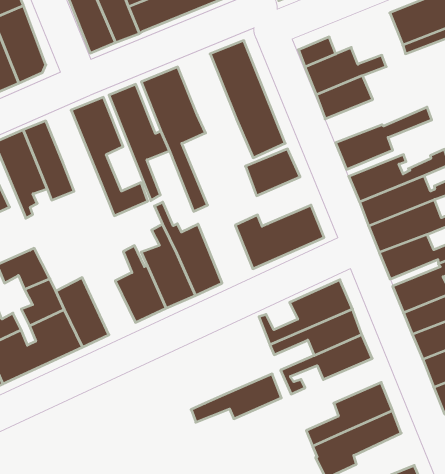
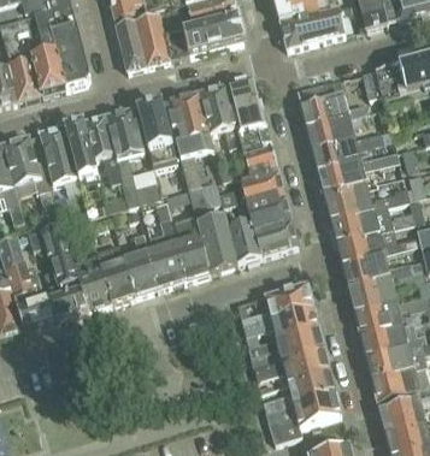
building: none -> [198,83,240,141]
building: none -> [312,128,393,168]
building: none -> [84,114,123,180]
building: none -> [248,193,291,227]
building: none -> [198,213,237,271]
building: none -> [96,242,136,301]
building: [191,374,281,422] -> [255,348,330,380]

